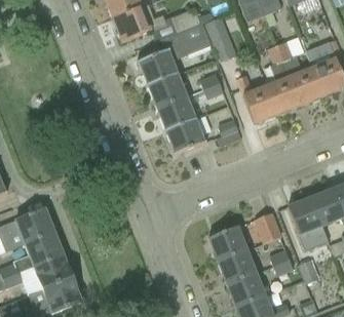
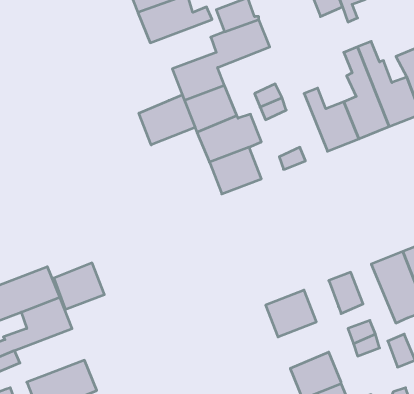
building: [205,15,236,61] -> none
building: none -> [139,95,195,145]
building: [217,249,255,284] -> none
building: [34,254,72,289] -> [54,263,104,310]

